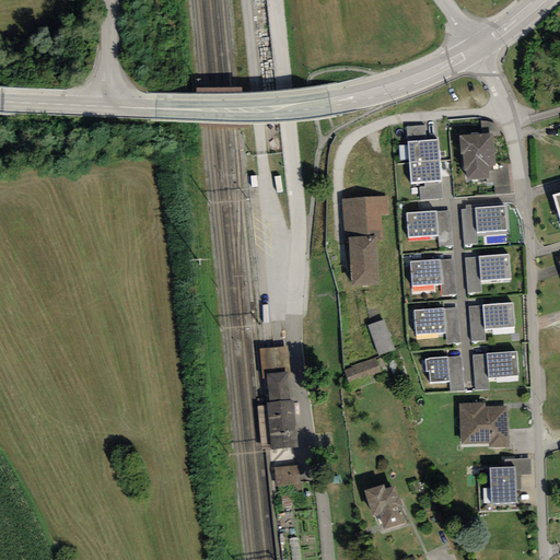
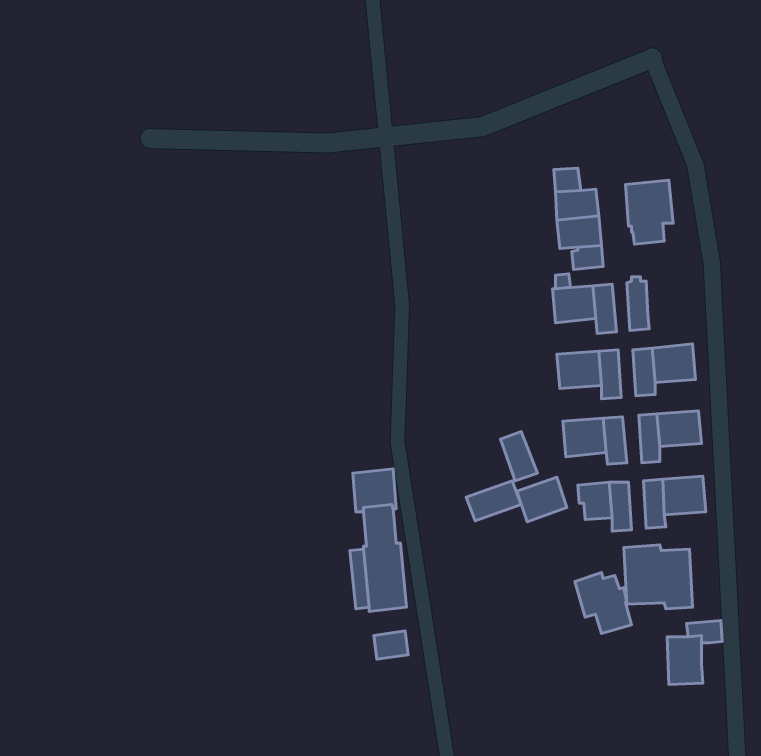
building: [341,195,386,285] -> none
building: [475,203,506,231] -> none
building: none -> [517,477,567,522]
building: [364,485,406,529] -> [575,573,631,634]

